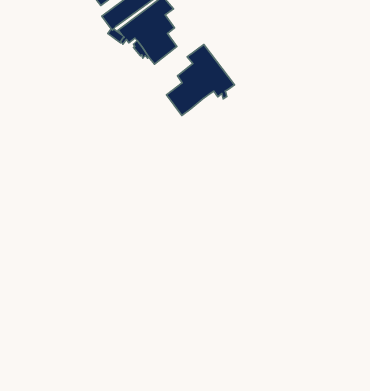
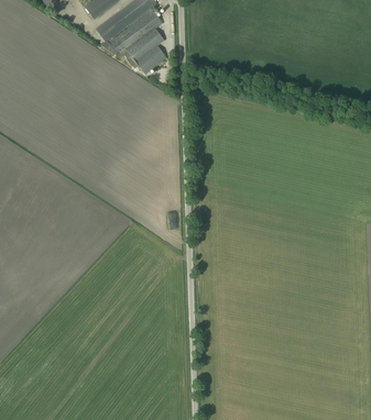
building: [167,45,234,116] -> none

